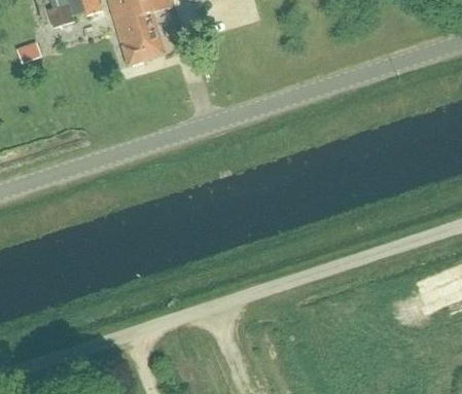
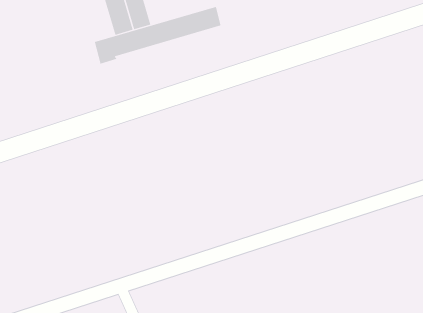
building: none -> [94,6,221,64]

